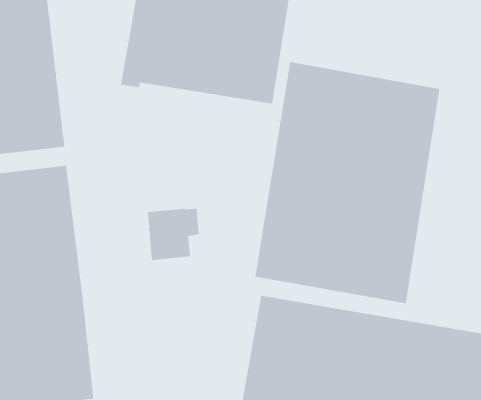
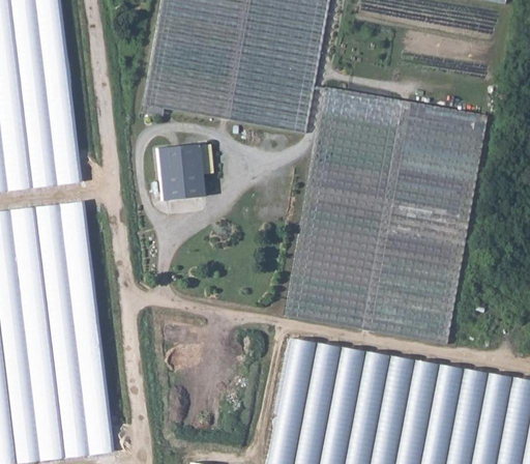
building: [147,208,199,260] -> [157,144,213,200]

